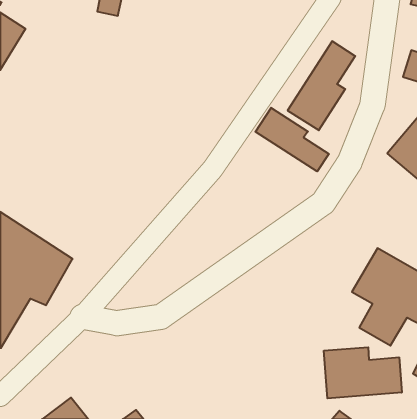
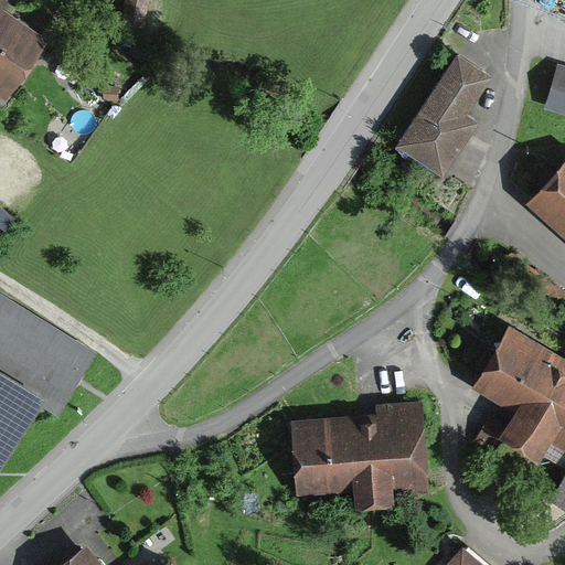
building: [255,108,329,171] -> none
building: none -> [297,416,416,500]
building: [324,347,402,398] -> none

